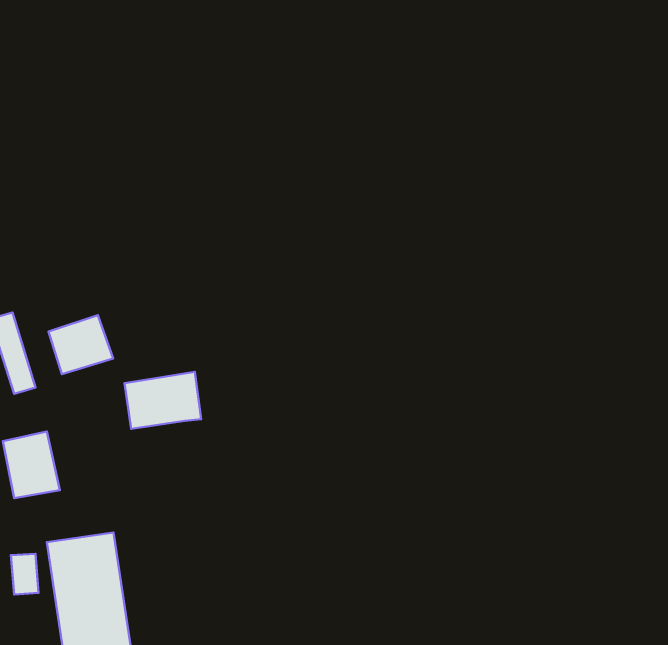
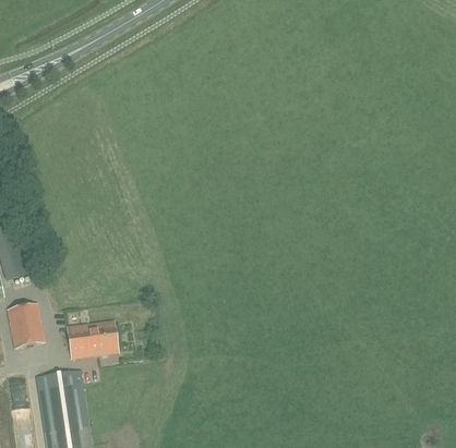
building: [49,315,113,374] -> none
building: [125,372,201,429] -> [65,319,117,358]

